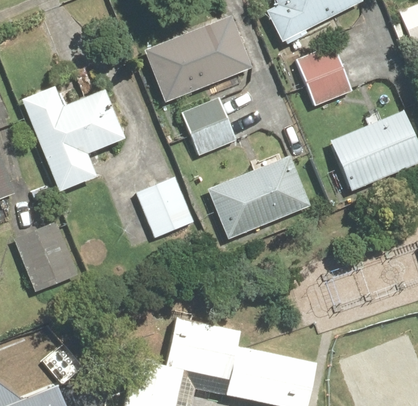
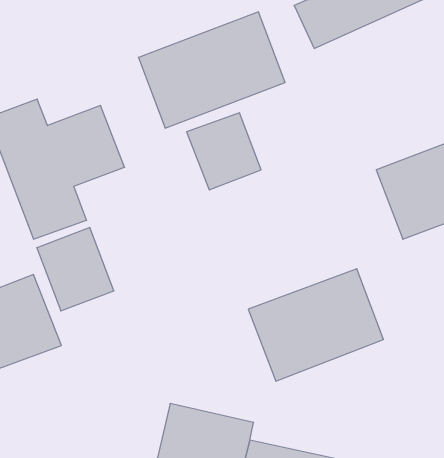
building: [293,41,357,107] -> none
building: [206,152,313,241] -> [248,269,383,381]
building: [136,174,197,240] -> [37,228,114,311]

